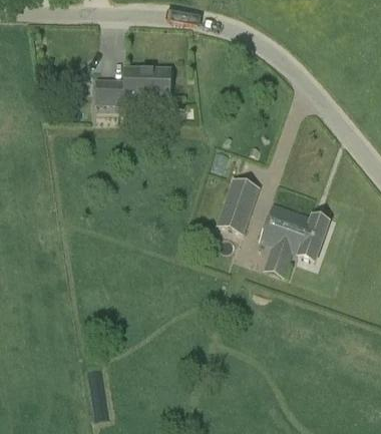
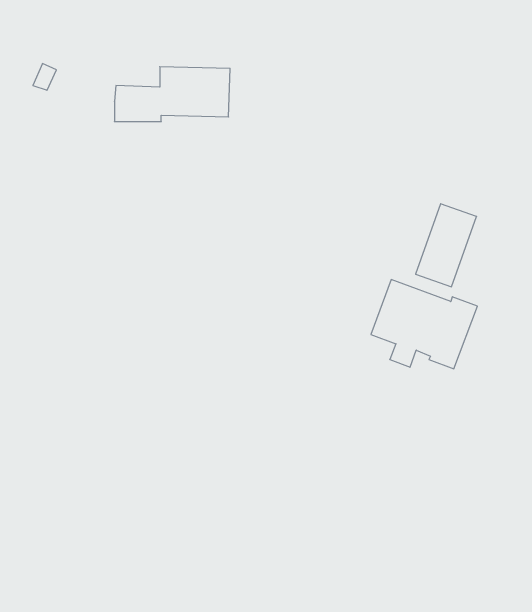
building: [220,177,259,231] -> [416,204,477,287]

